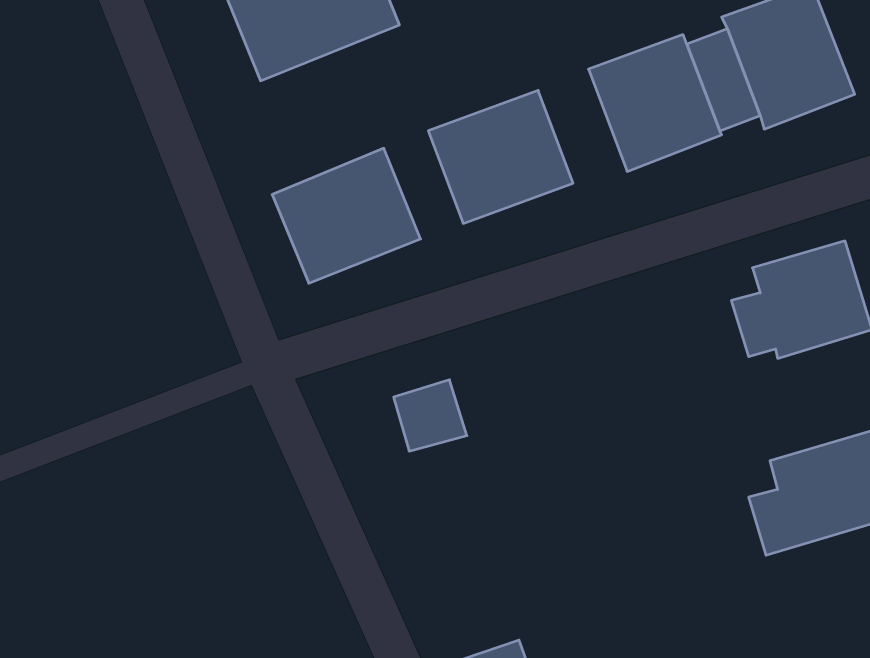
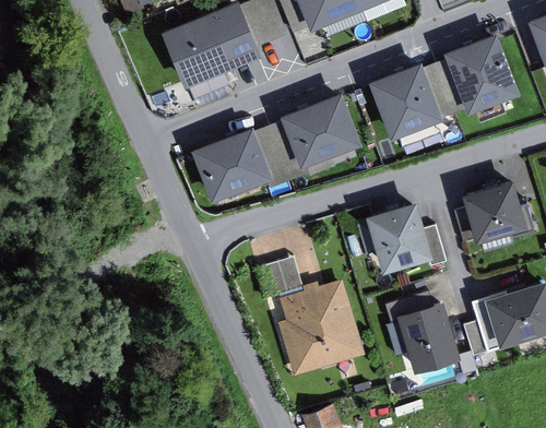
building: none -> [357,202,446,274]
building: none -> [270,280,365,377]
building: none -> [397,302,462,376]

